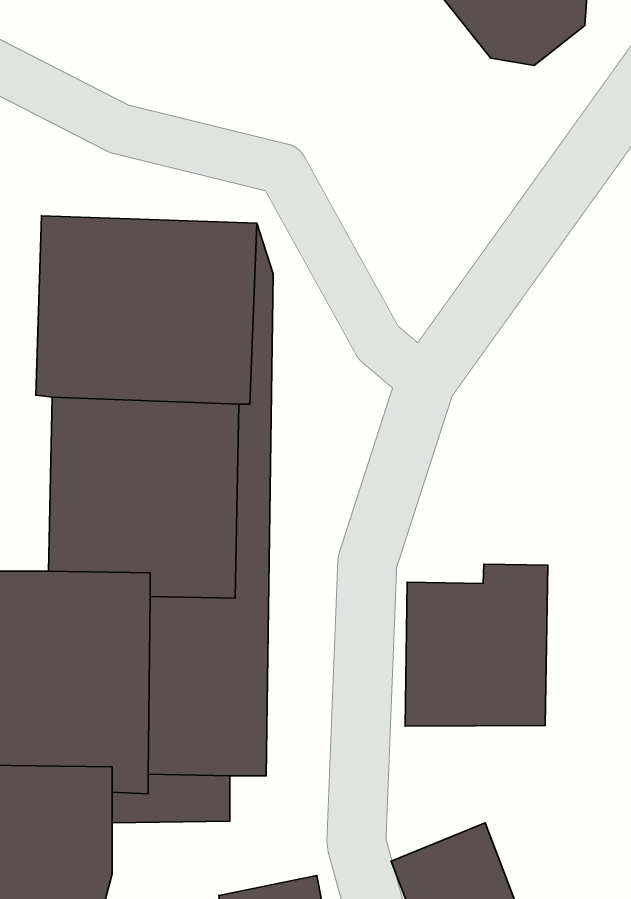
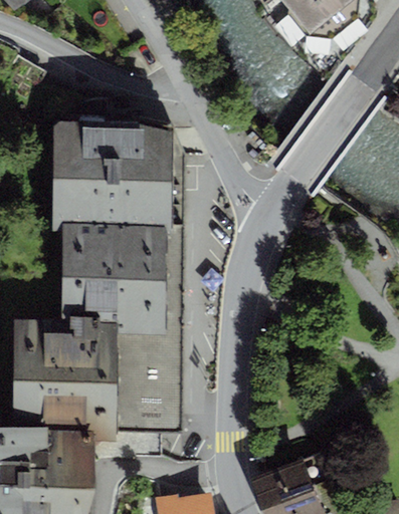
building: [405,564,548,726] -> none

